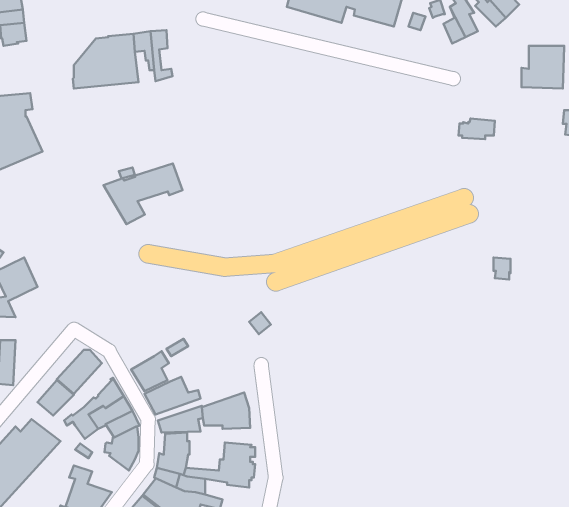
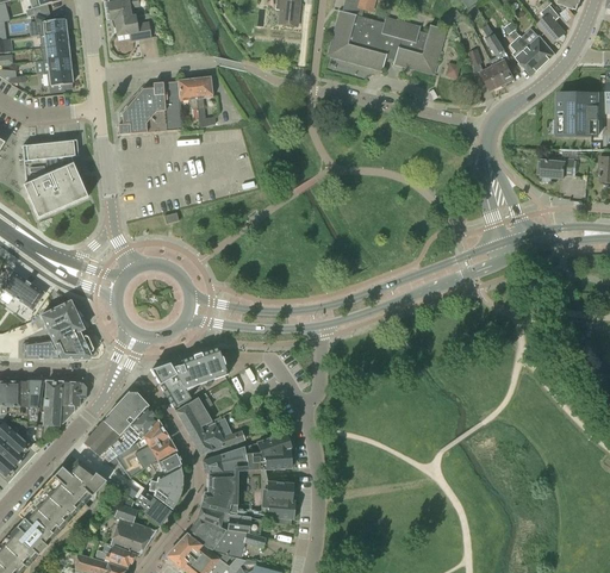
building: [458,118,495,139] -> [539,157,574,177]
building: [103,163,183,224] -> [150,348,228,407]
building: none -> [55,331,94,357]
building: none -> [62,381,87,422]
building: none -> [100,405,156,463]
building: none -> [136,494,170,525]

